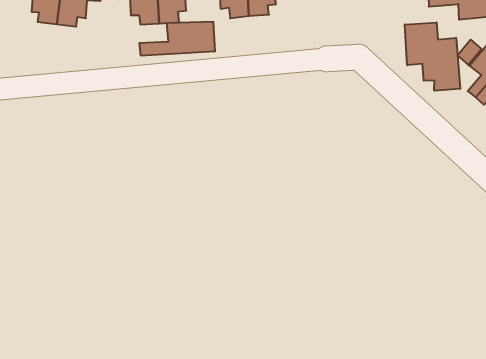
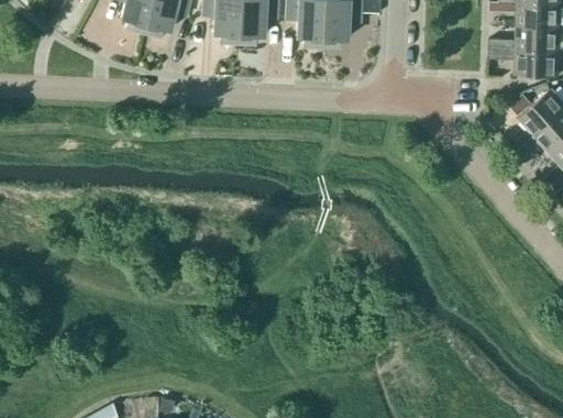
building: [139,22,215,56] -> none
building: [405,22,460,91] -> none

